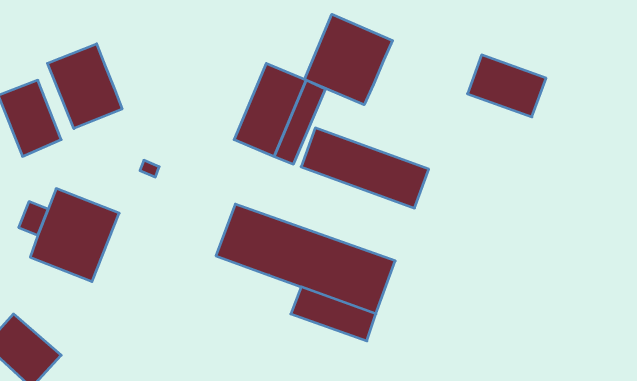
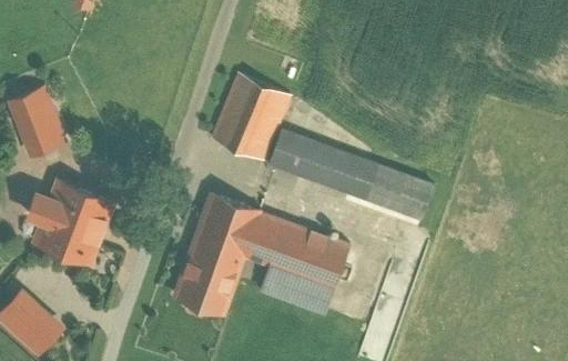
building: [304,14,393,105] -> none
building: [47,44,122,129] -> none
building: [467,55,546,117] -> [366,166,434,219]
building: none -> [174,240,241,314]

